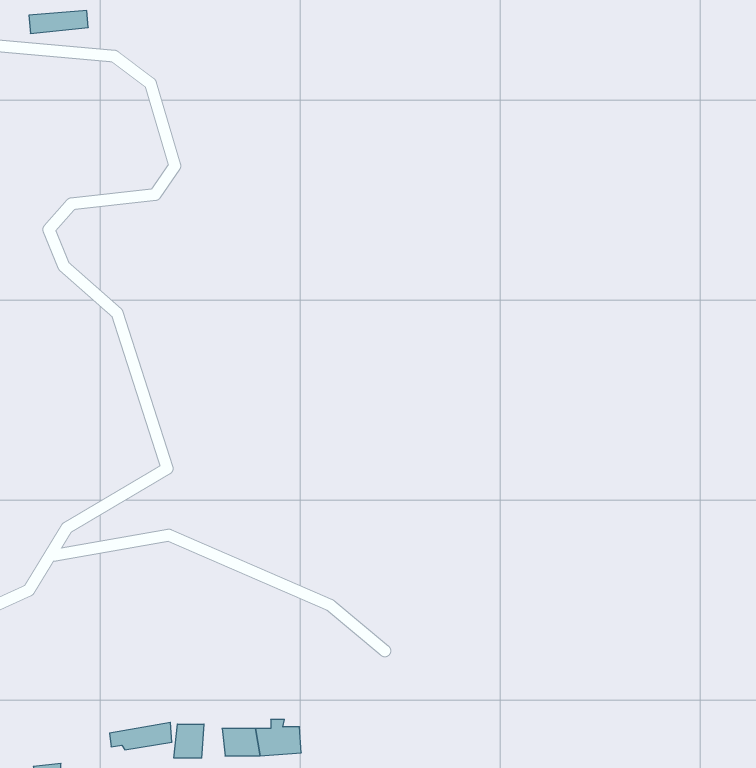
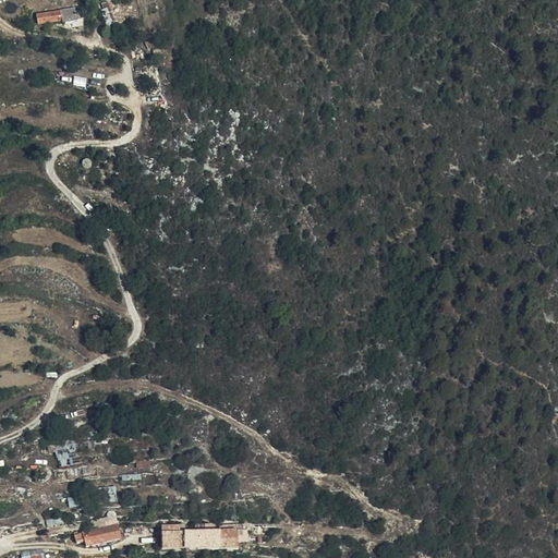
building: none -> [215,524,247,546]
building: [174,724,204,758] -> none

